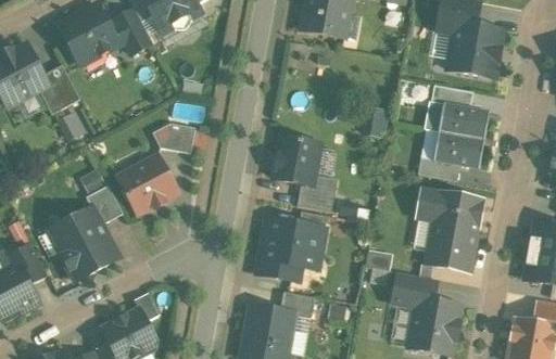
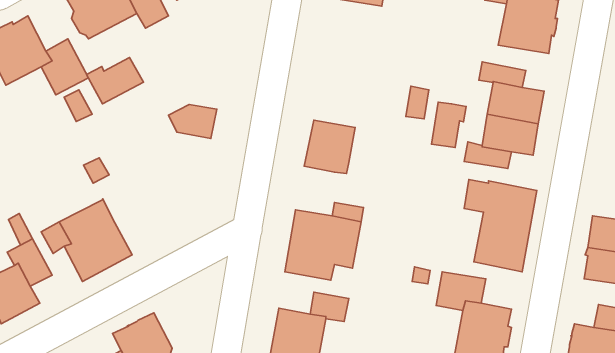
building: none -> [87,57,143,104]
building: none -> [431,102,466,147]
building: [118,156,177,213] -> none
building: [296,175,337,211] -> none
building: [86,184,123,225] -> none

